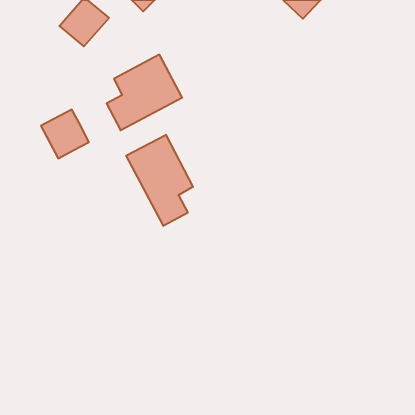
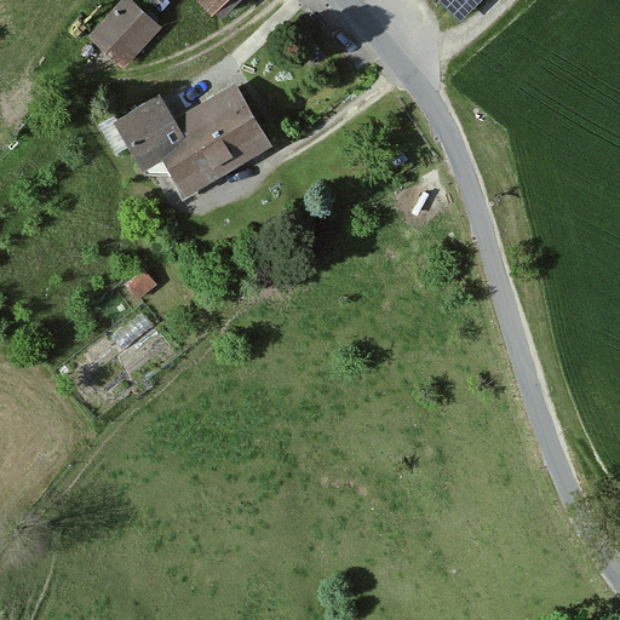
building: [41,110,89,158] -> [111,94,183,167]
building: [126,135,193,226] -> none

